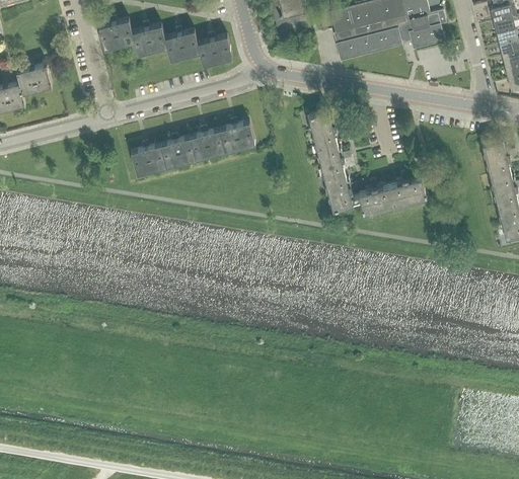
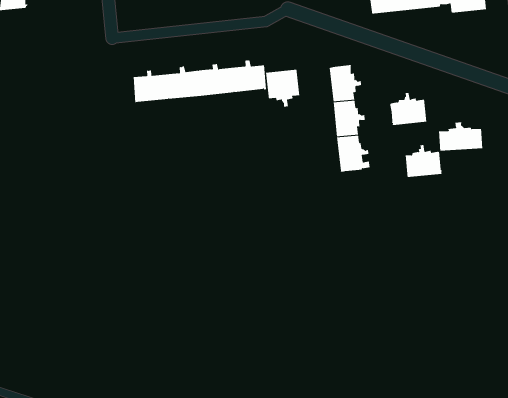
building: none -> [265,69,300,108]
building: none -> [438,122,483,151]
building: [359,181,395,214] -> [390,92,427,126]

